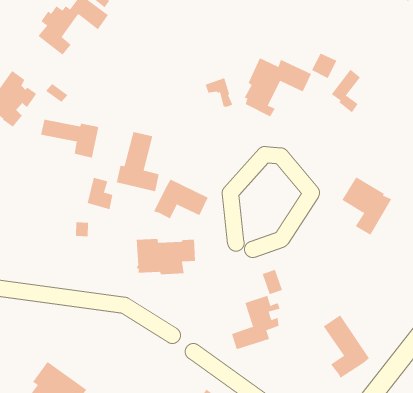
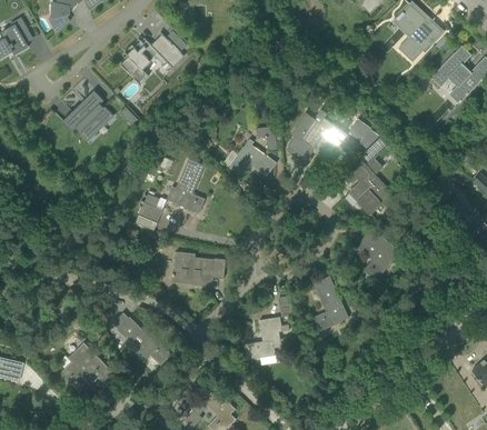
building: none -> [348,162,389,213]
building: [41,119,99,158] -> none
building: [153,179,209,219] -> [228,141,277,177]
building: [323,315,370,379] -> [312,276,348,330]
building: none -> [113,312,169,362]

